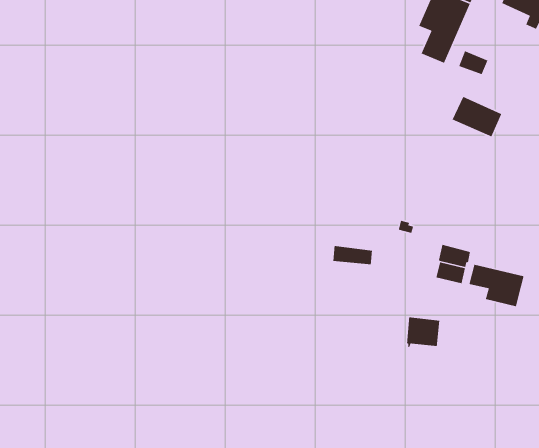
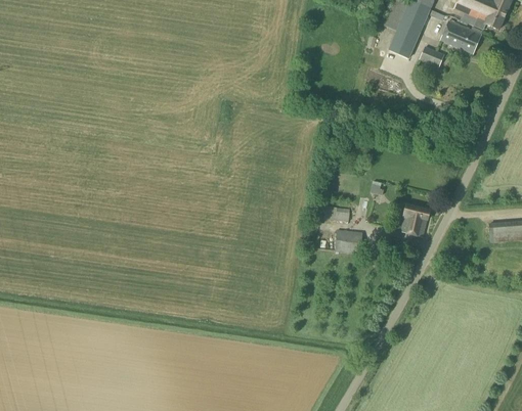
building: [452,96,502,137] -> [440,19,481,53]
building: [469,264,524,307] -> none
building: [406,316,440,348] -> [335,229,362,255]

